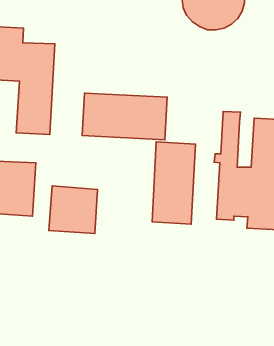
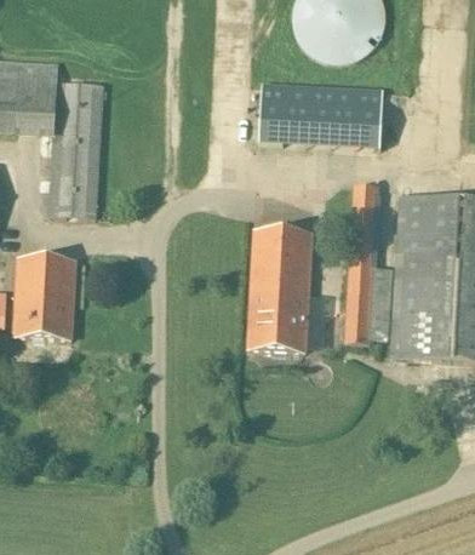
building: [82,93,167,140] -> [257,81,383,150]
building: [49,186,98,233] -> none

